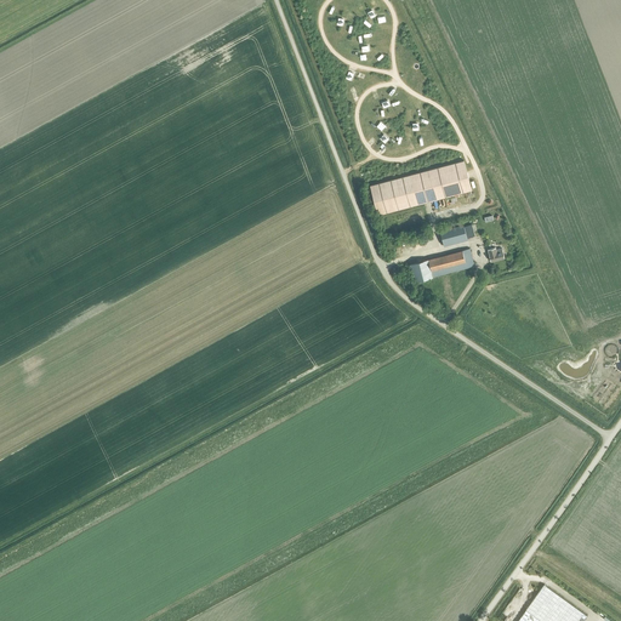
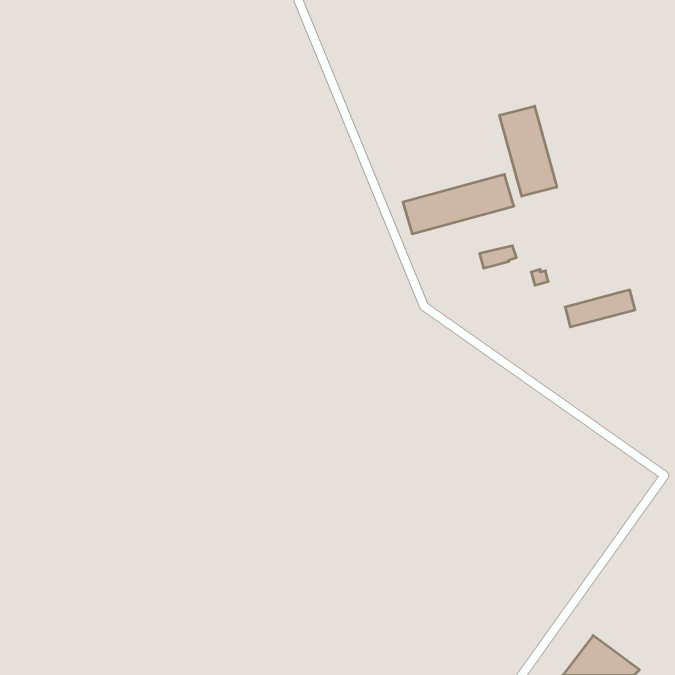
building: none -> [500,106,557,196]
building: [410,249,474,283] -> [565,290,635,327]

